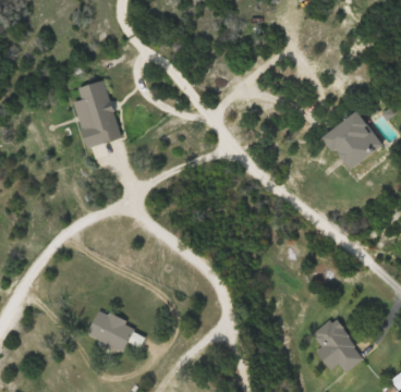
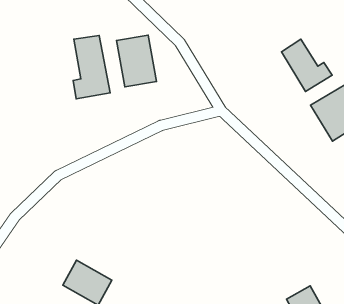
building: none -> [282,39,332,92]
building: none -> [116,35,156,87]

